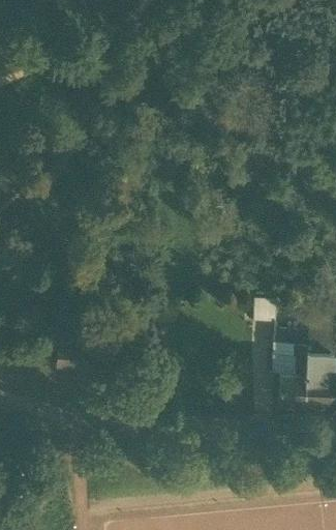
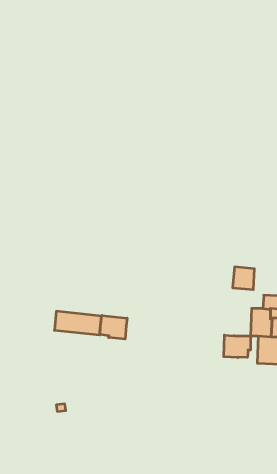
building: none -> [100,315,127,339]
building: none -> [224,335,251,358]

